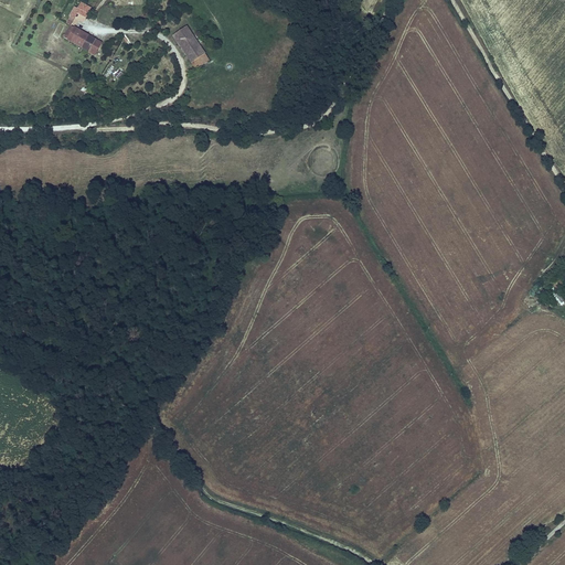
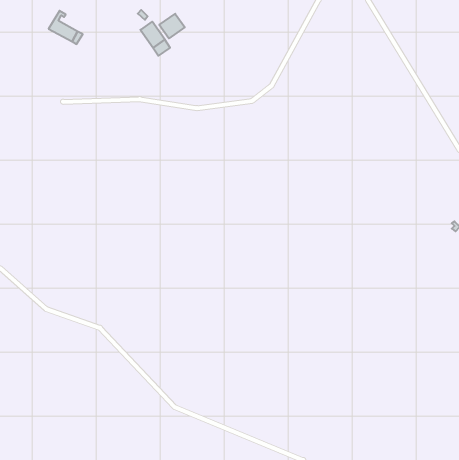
building: none -> [159,14,185,38]

